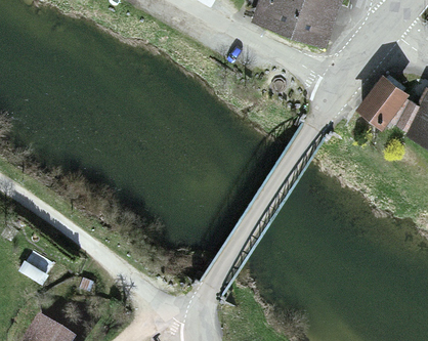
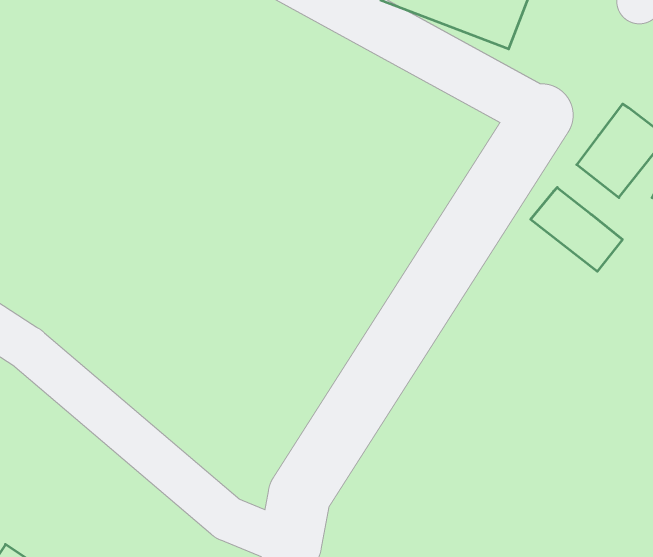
building: none -> [531,187,622,271]

